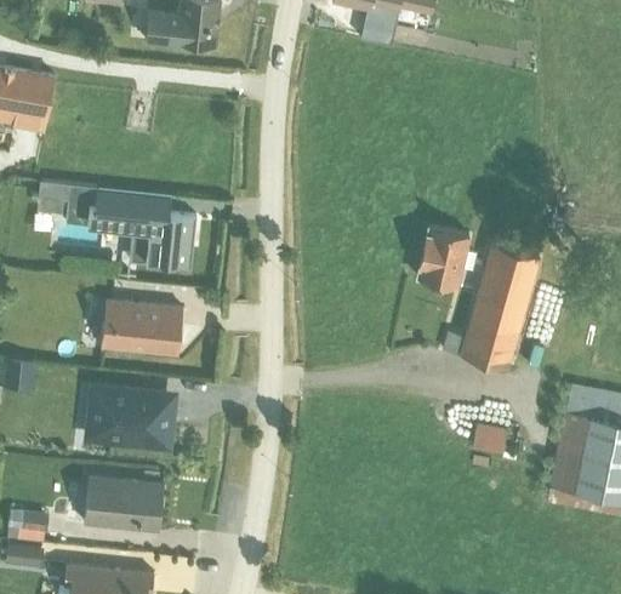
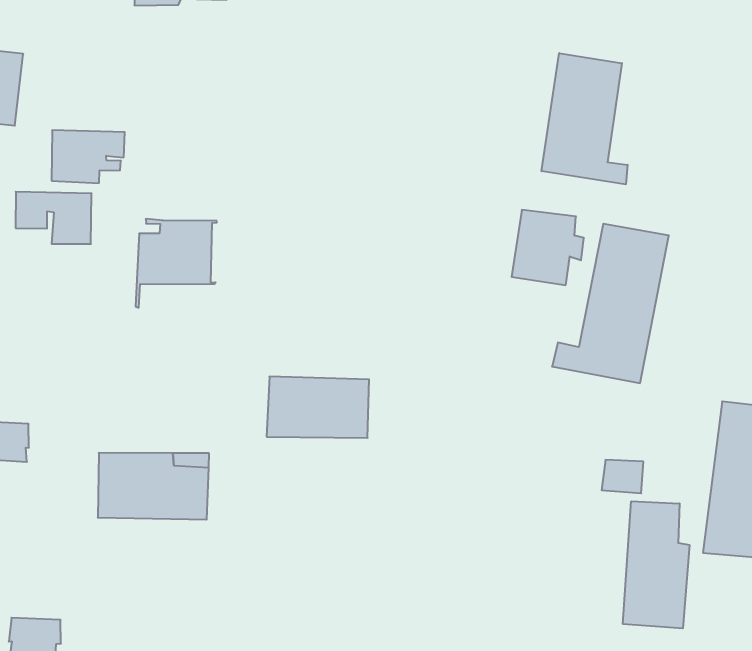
building: none -> [542,53,628,184]
building: [96,187,155,230] -> [52,130,125,183]
building: [101,299,183,353] -> [267,377,369,438]
building: none -> [623,501,689,628]
building: [84,475,165,530] -> none

